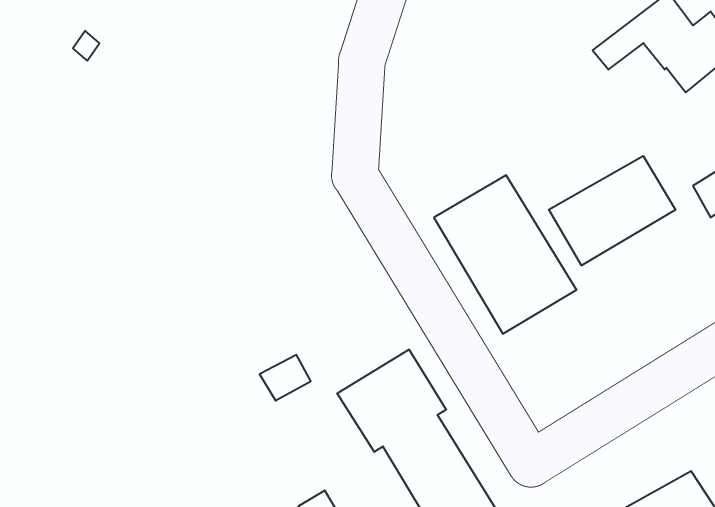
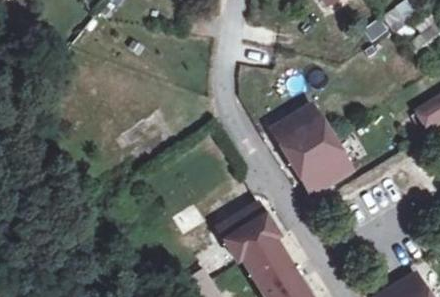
building: [549,156,675,265] -> none

